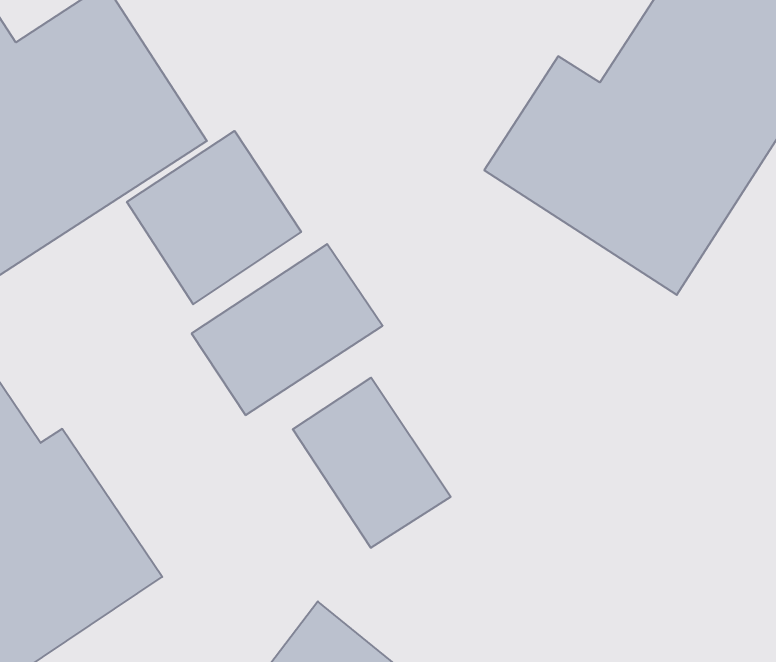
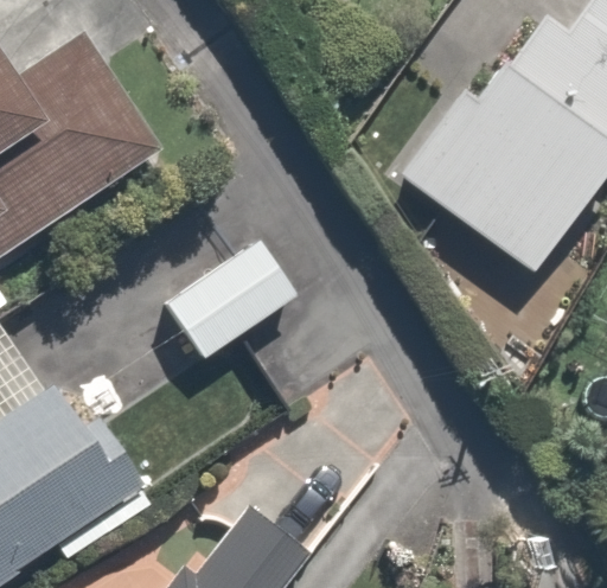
building: [127,131,301,304] -> none
building: [293,378,451,548] -> none

